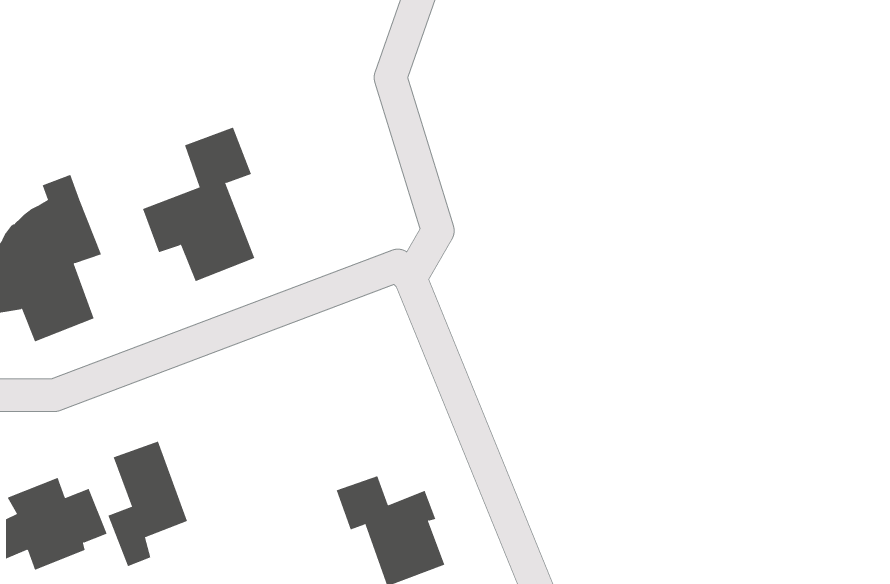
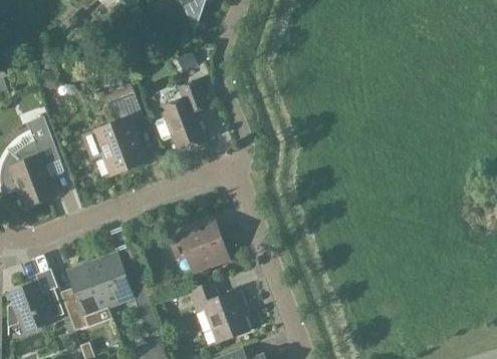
building: none -> [156,79,208,149]
building: none -> [168,223,227,271]
building: none -> [91,252,158,330]

